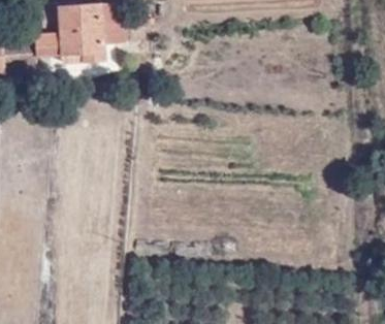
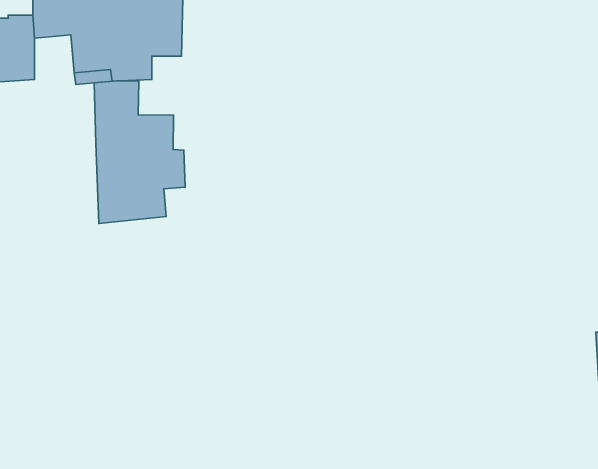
building: none -> [94,81,185,223]

